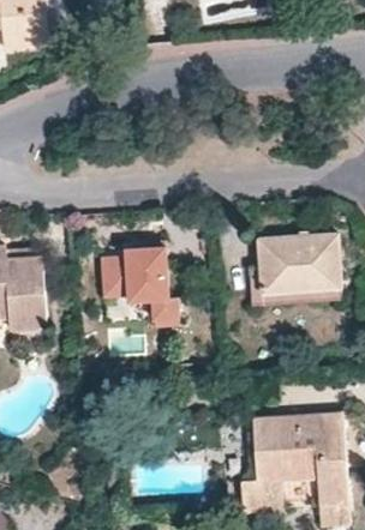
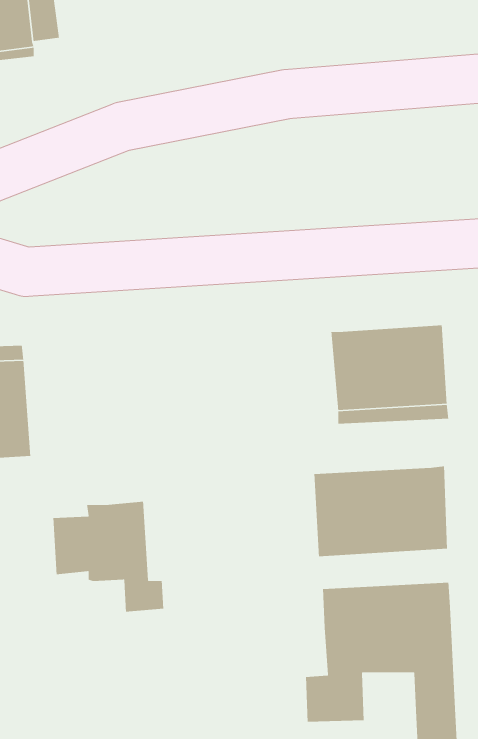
building: [103,246,182,325] -> [52,501,164,612]
building: none -> [313,465,448,557]

